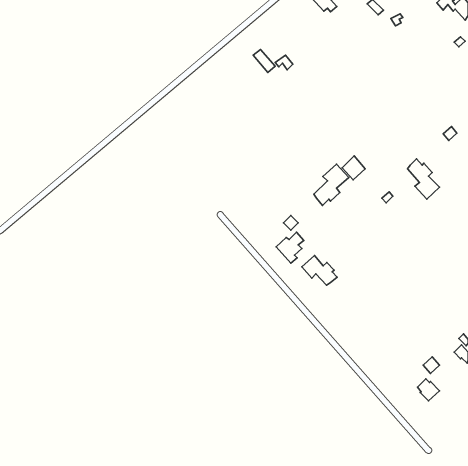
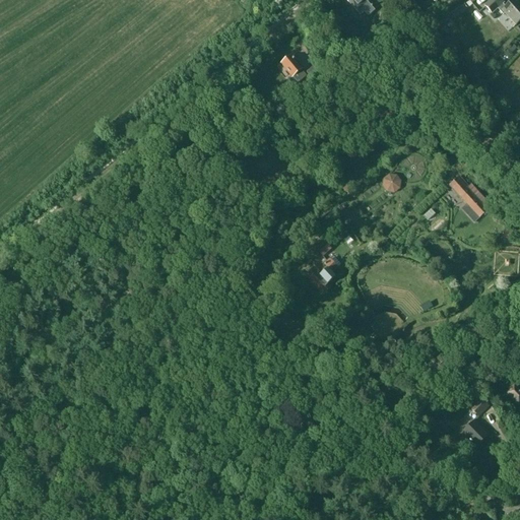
building: [314,164,349,205] -> none
building: [302,255,337,285] -> none

